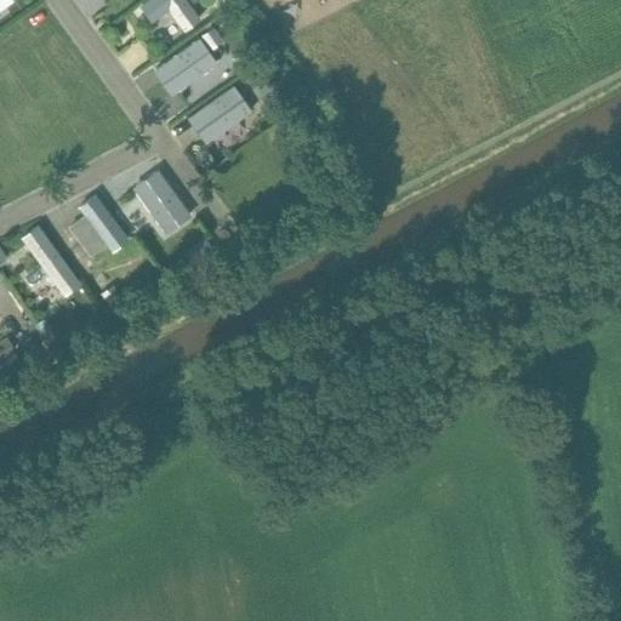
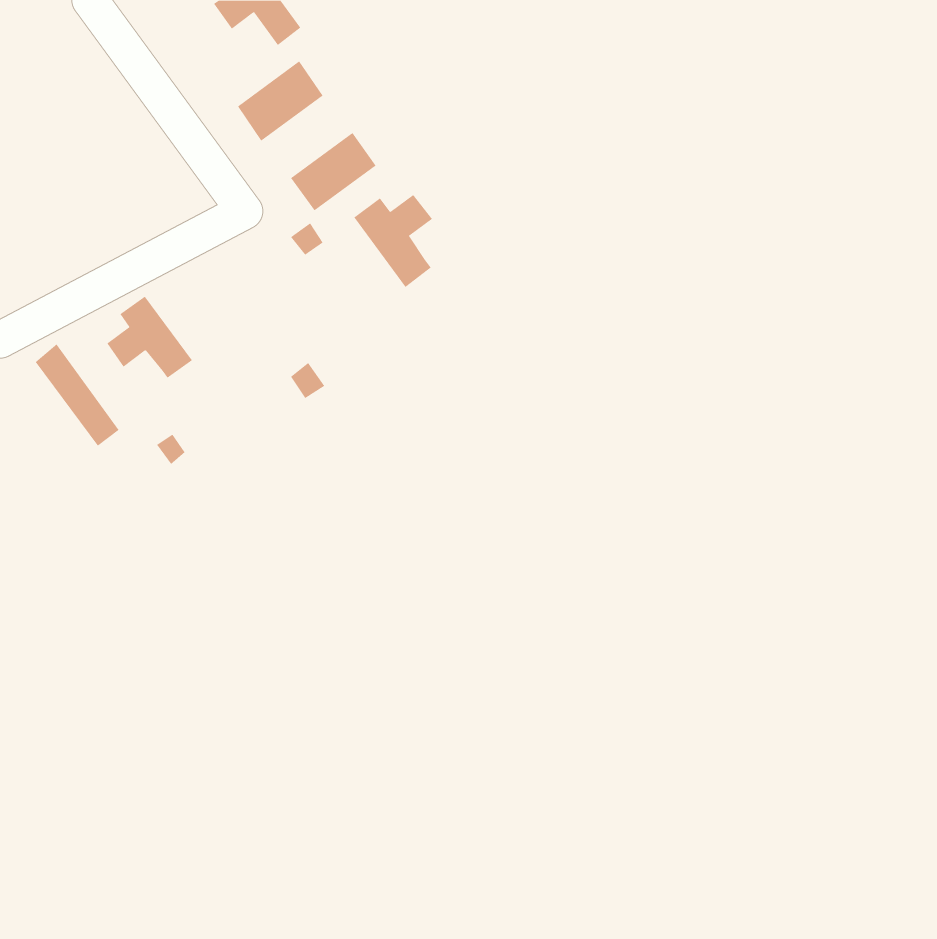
building: none -> [354,194,433,288]
building: [123,172,190,233] -> none

